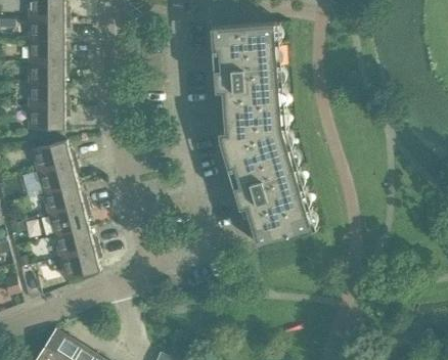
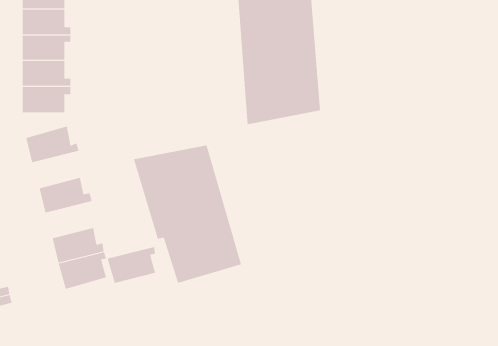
building: [219,127,312,245] -> [133,145,242,284]
building: [35,162,77,193] -> none
building: [46,205,88,236] -> [107,247,156,284]

